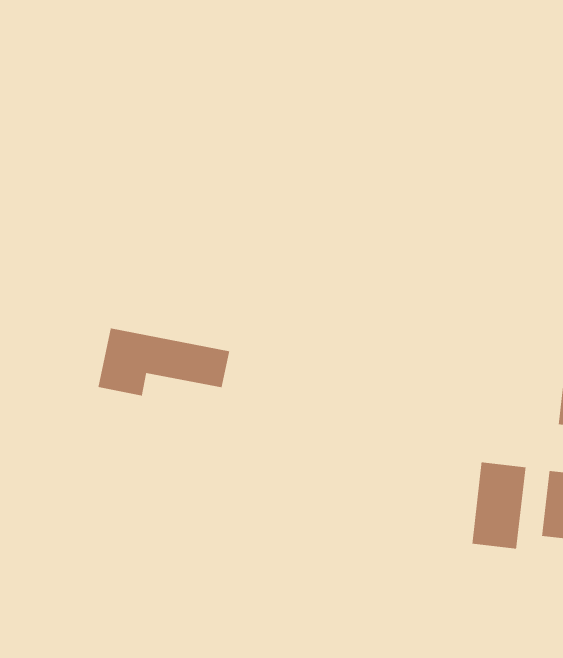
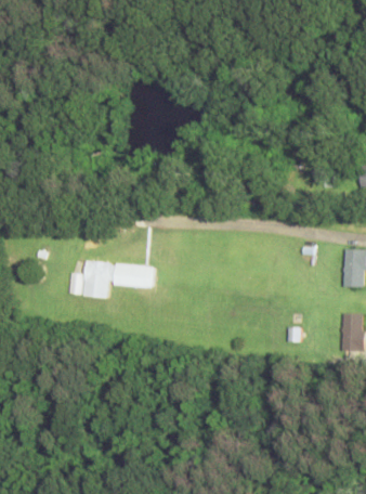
building: [471,462,526,549] -> none

